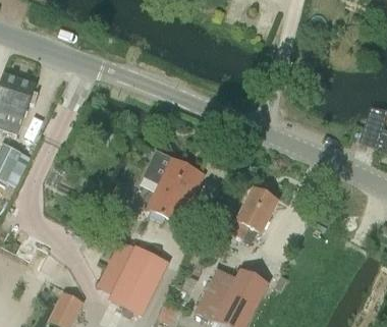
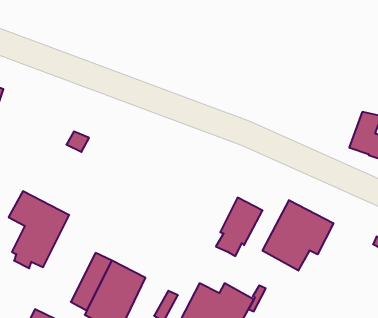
building: [144,149,201,221] -> [9,191,69,268]
building: none -> [263,200,333,271]

